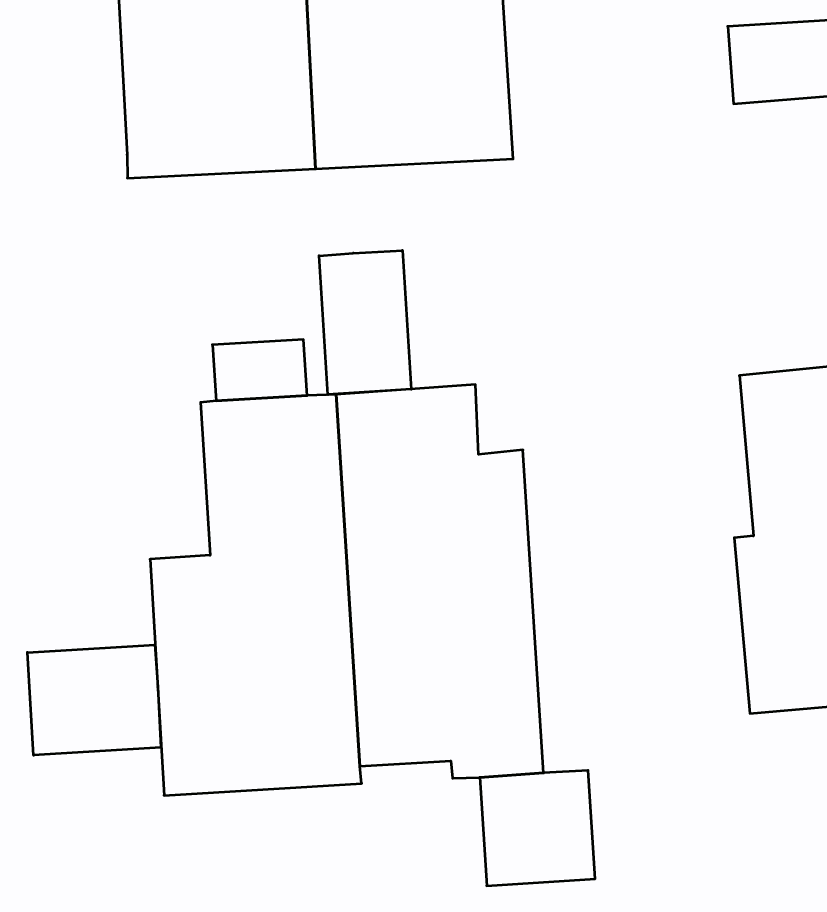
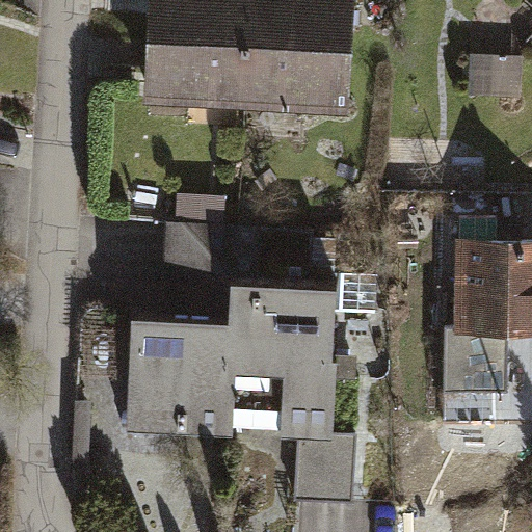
building: [319,250,411,395] -> none
building: [27,645,161,755] -> none

